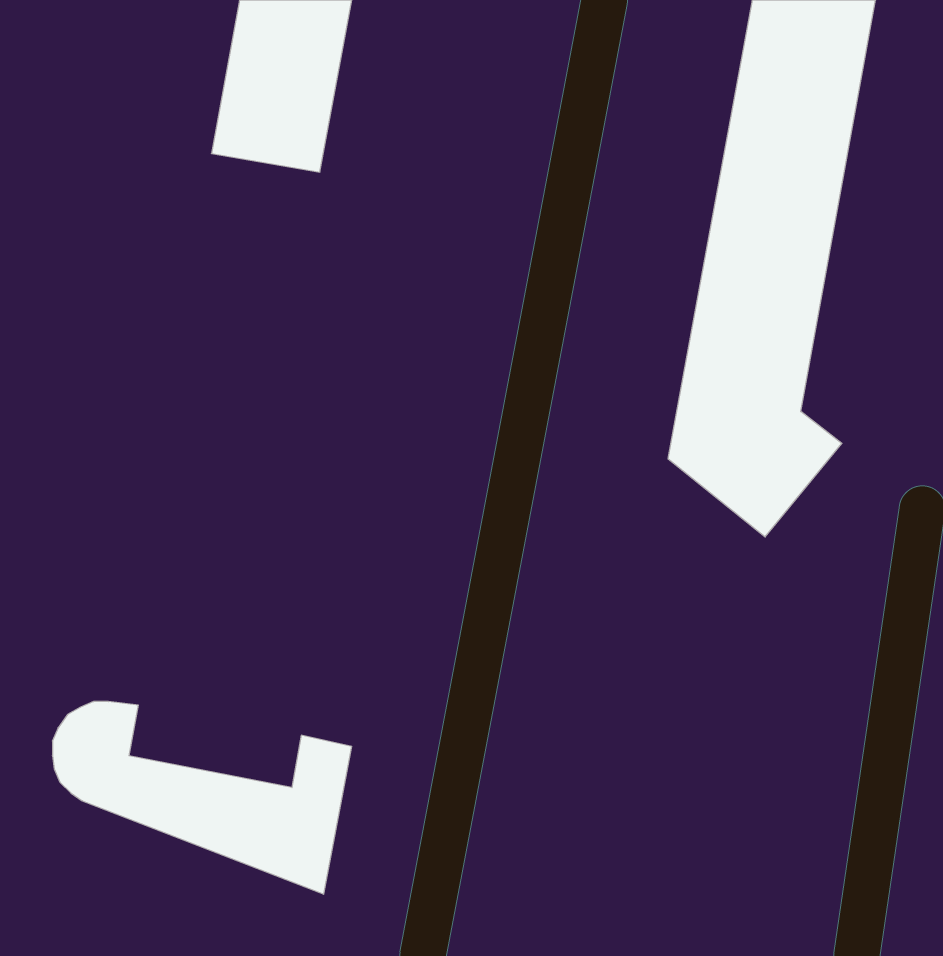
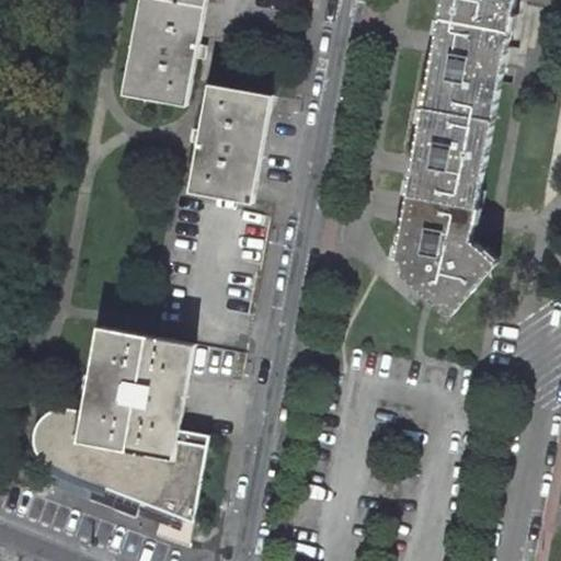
building: none -> [188,81,273,198]
building: none -> [76,328,192,461]

